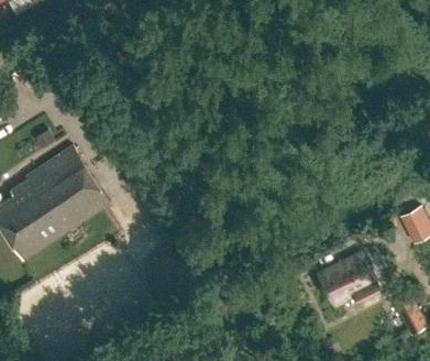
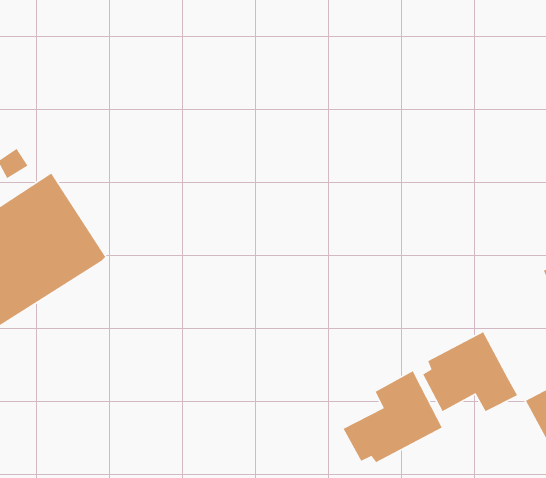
building: none -> [343,370,443,463]

